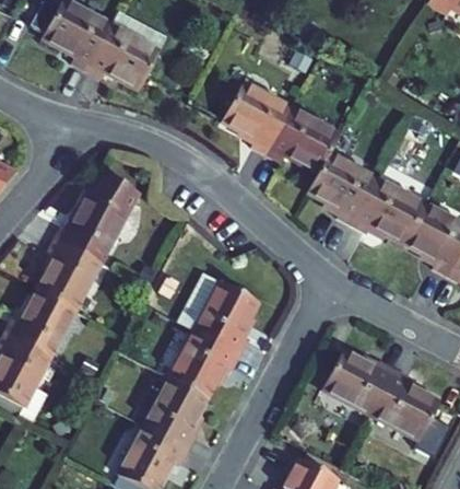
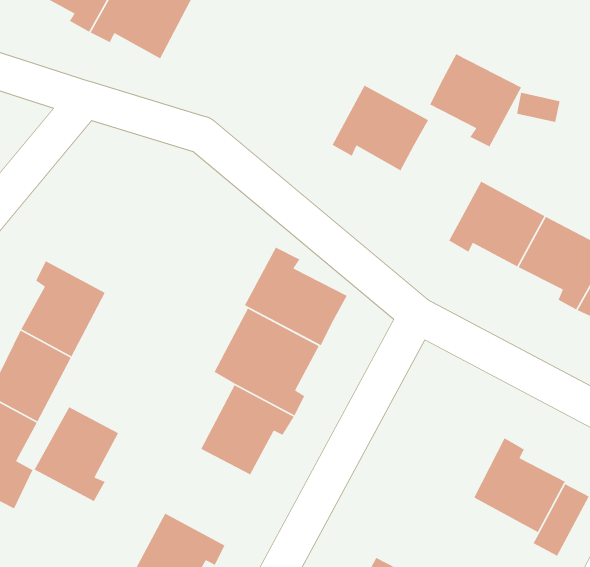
building: [222,82,291,152] -> none
building: [308,153,377,223] -> [429,53,522,148]
building: [55,171,138,261] -> none
building: none -> [244,247,348,346]
building: [322,350,394,414] -> none
building: [143,377,207,449] -> [34,406,119,502]

